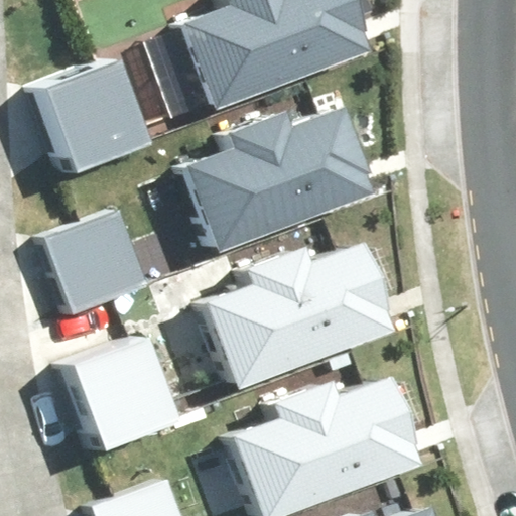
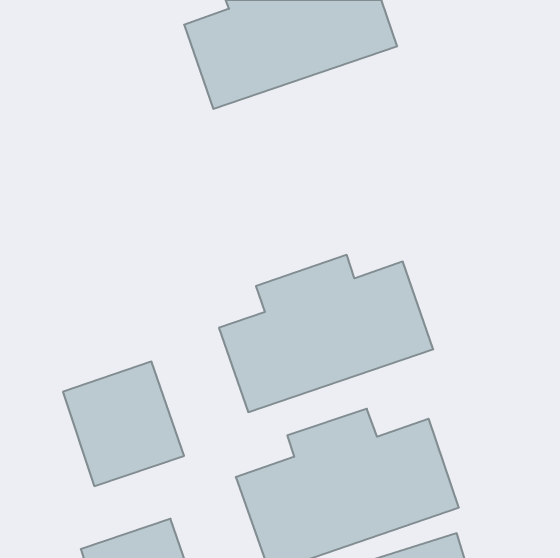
building: [36,59,145,171] -> none
building: [184,102,377,243] -> none
building: [34,205,143,316] -> none

